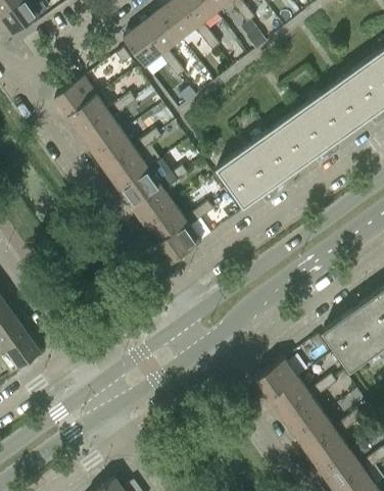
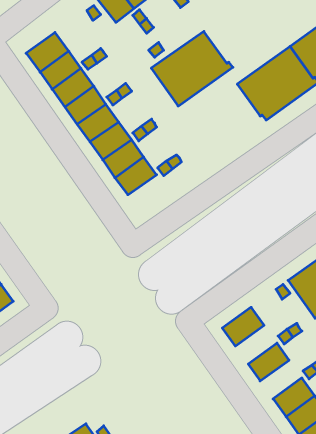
building: [217,131,300,207] -> [151,31,233,106]
building: [158,224,201,263] -> none
building: [269,378,311,418] -> none
building: [294,413,337,453] -> none

